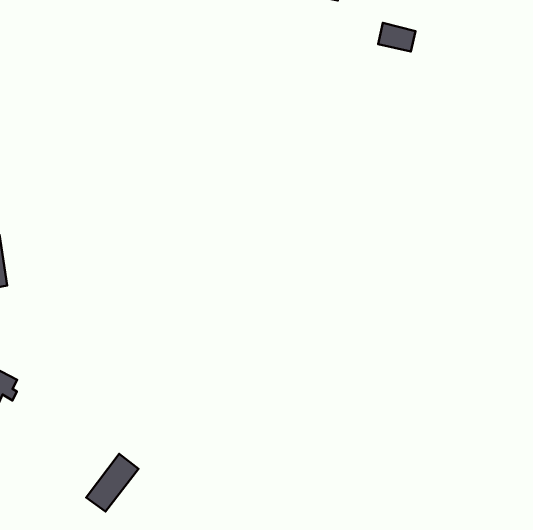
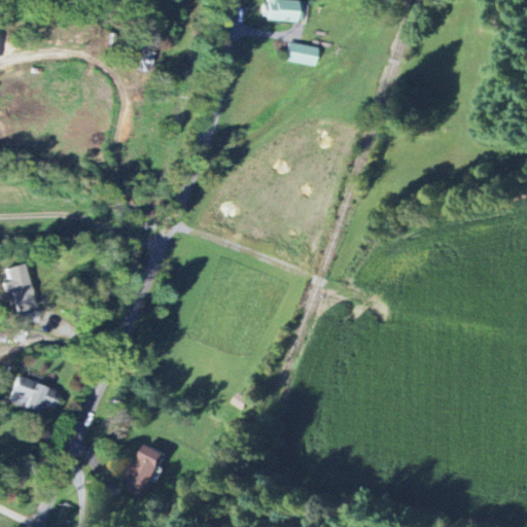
building: [378,23,416,52] -> [287,41,319,64]

